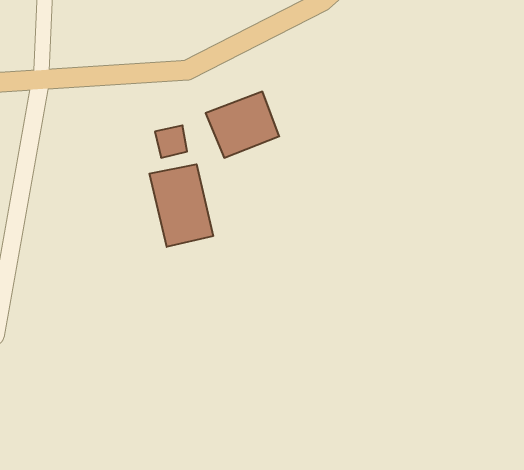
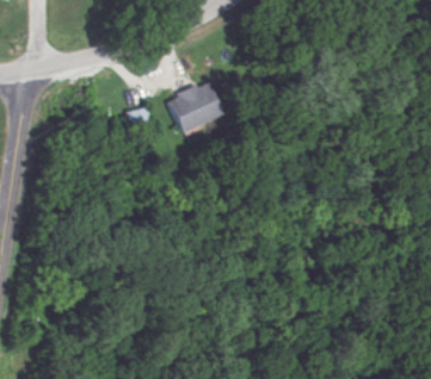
building: [149,164,213,247] -> none

